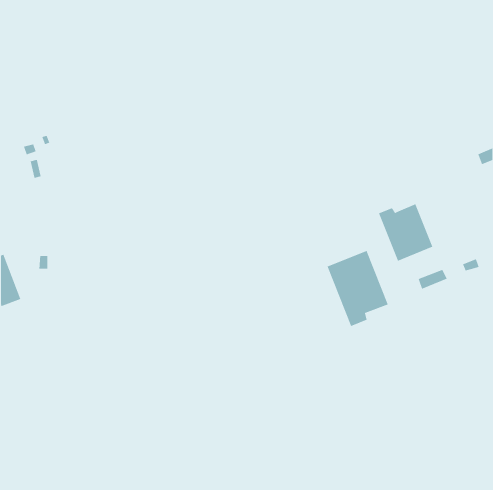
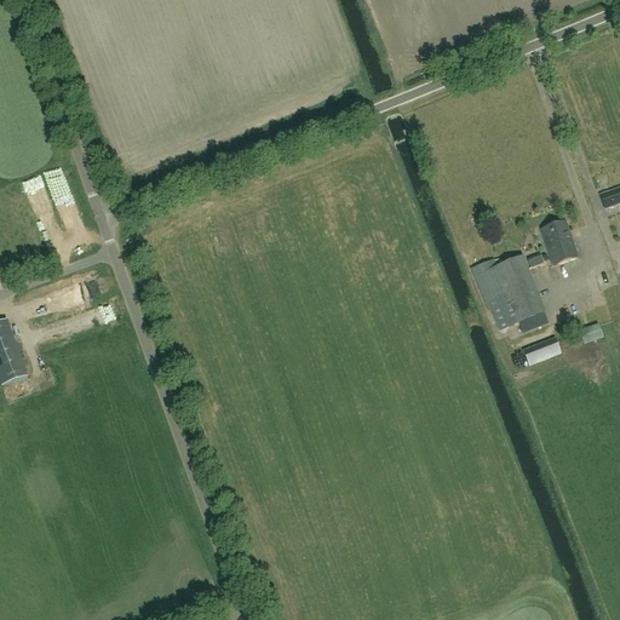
building: none -> [541,220,578,264]
building: [327,250,389,327] -> none

